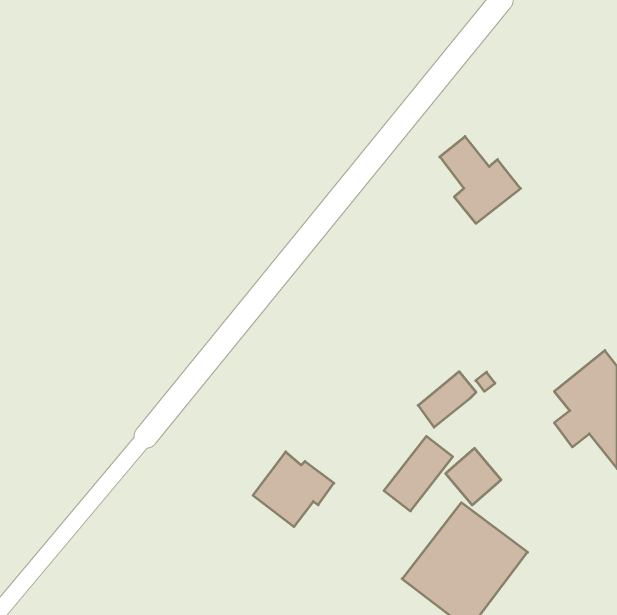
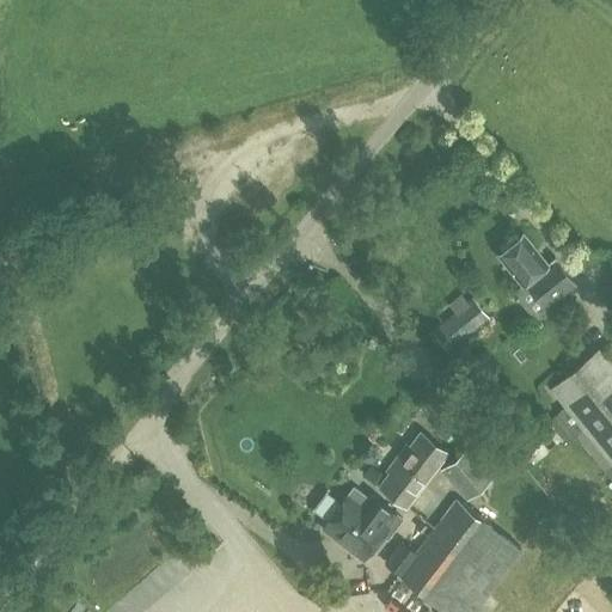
building: [440,136,521,223] -> [498,234,579,320]
building: [418,372,476,427] -> [433,299,490,354]
building: [253,452,334,527] -> [323,488,403,562]

